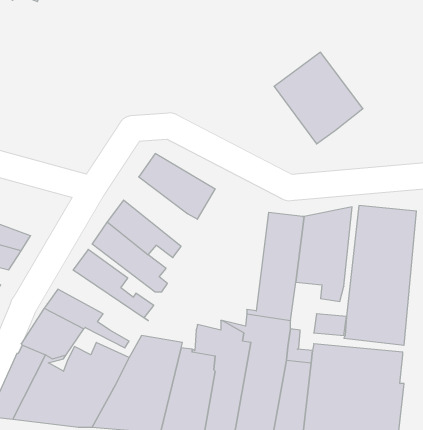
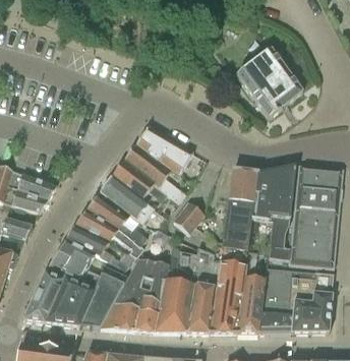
building: none -> [124,141,185,202]
building: none -> [174,200,206,233]
building: none -> [75,210,142,258]

